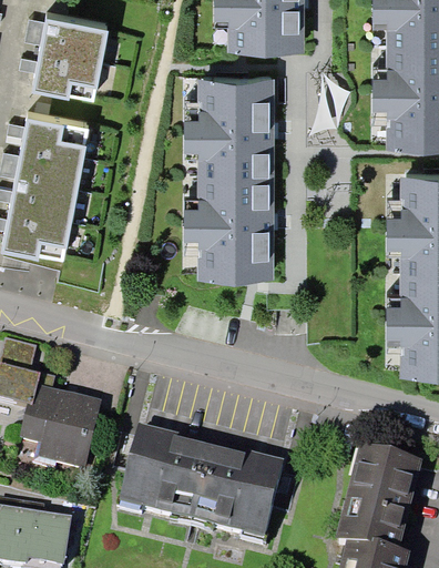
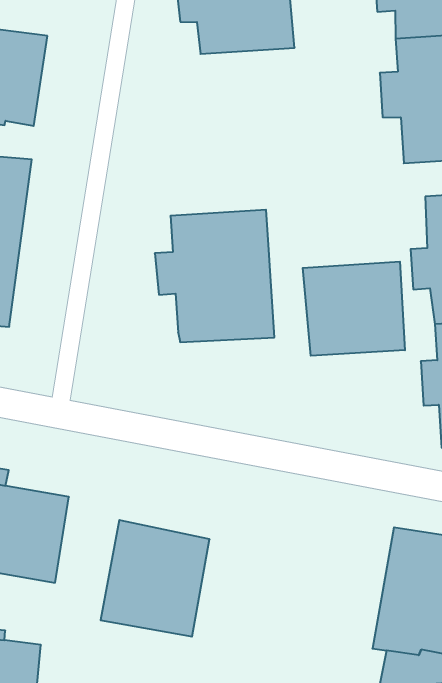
building: [182,79,273,181] -> none
building: none -> [303,262,405,356]
building: [192,440,284,535] -> none

